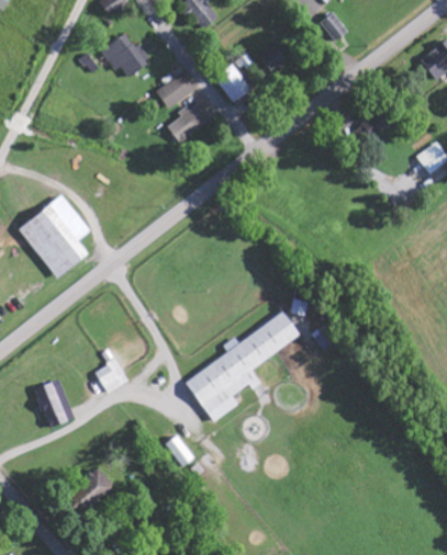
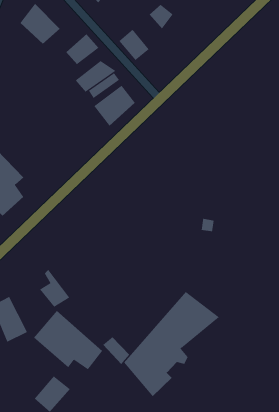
building: none -> [94,85,136,126]
building: [182,301,303,423] -> [123,291,219,397]
building: none -> [33,310,103,370]

